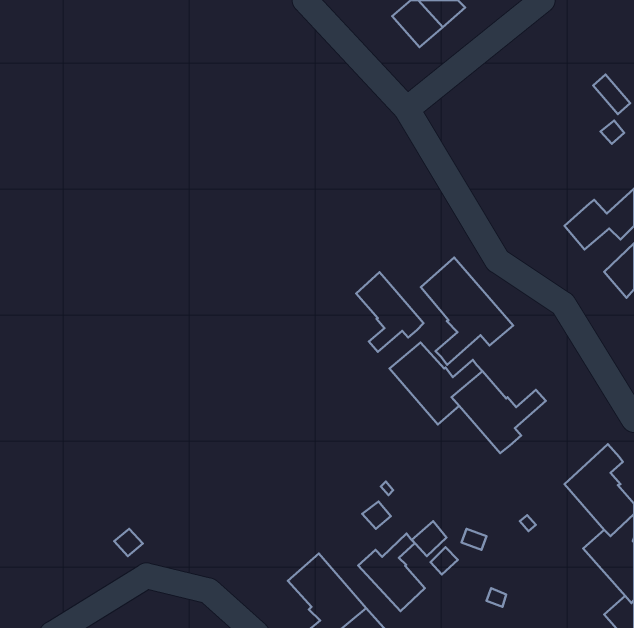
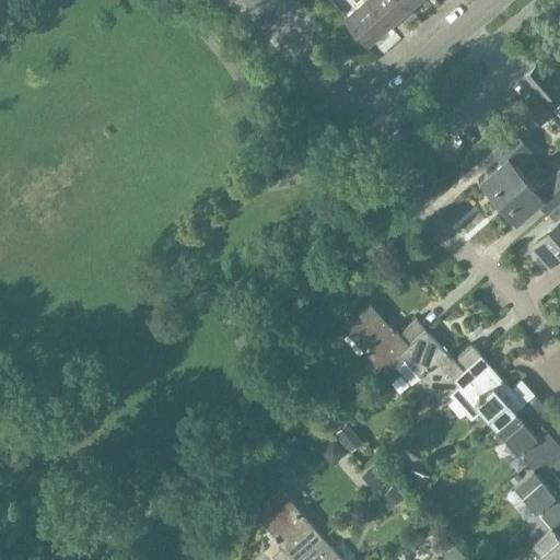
building: none -> [479,135,532,205]
building: [421,257,513,365] -> none
building: [356,272,424,352] -> none
building: none -> [450,359,536,432]
building: [358,534,425,611] -> none

